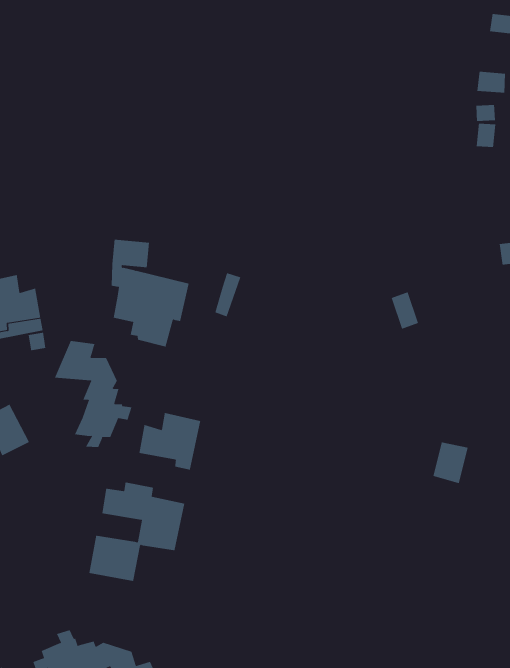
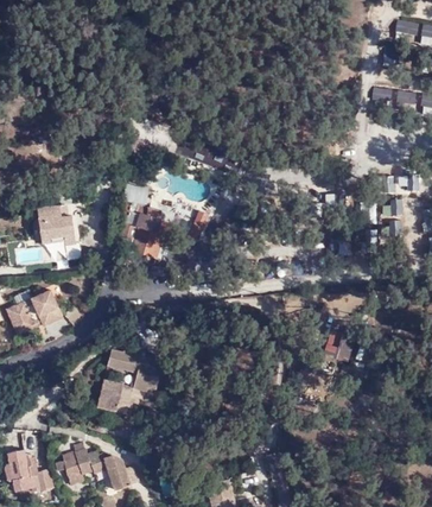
building: [54,340,132,448] -> none
building: [139,412,201,470] -> none

